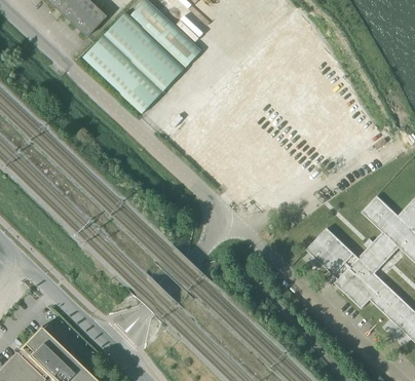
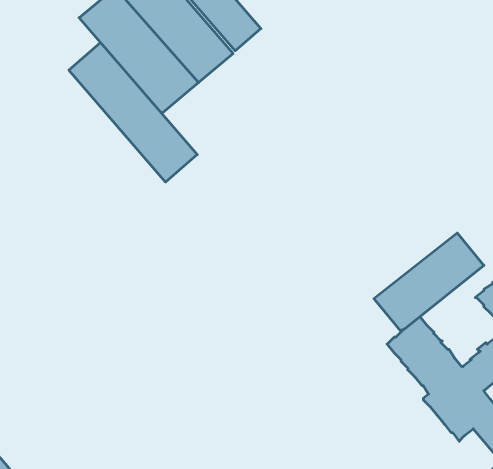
building: none -> [69,43,197,182]
building: none -> [374,233,484,331]

